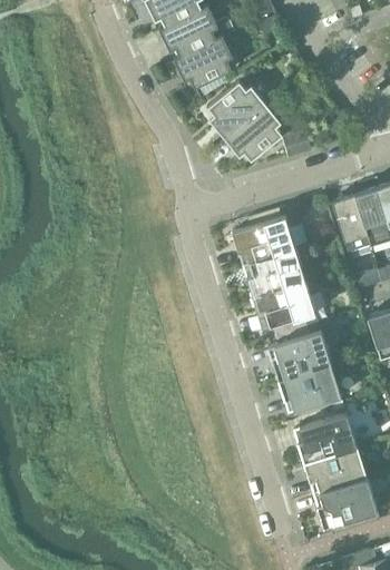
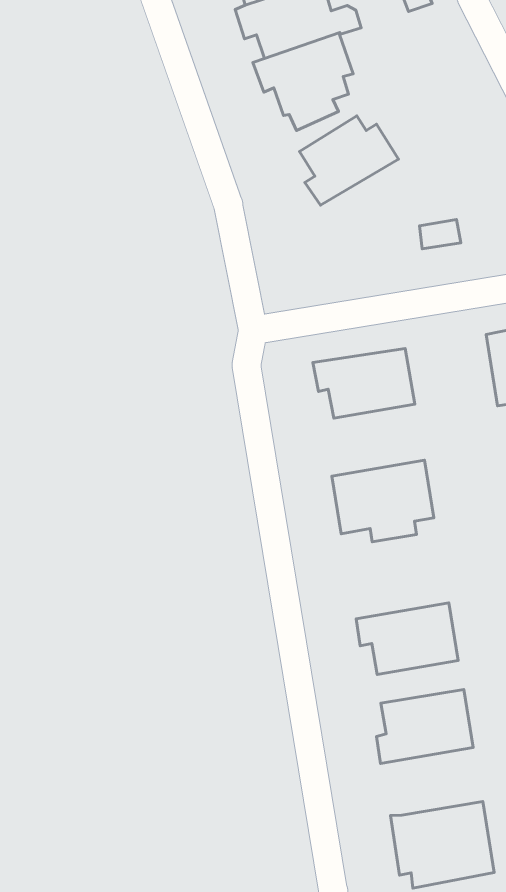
building: [224,105,282,160] -> none
building: [247,248,305,297] -> none
building: [267,325,331,380] -> none
building: [303,446,367,492] -> none

